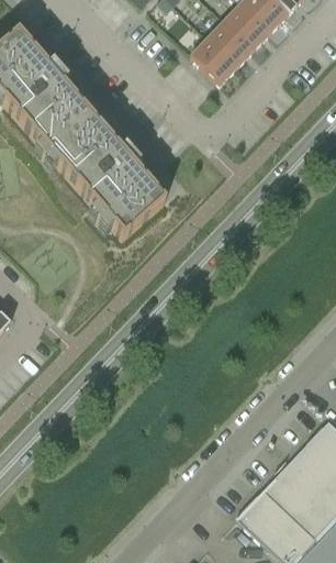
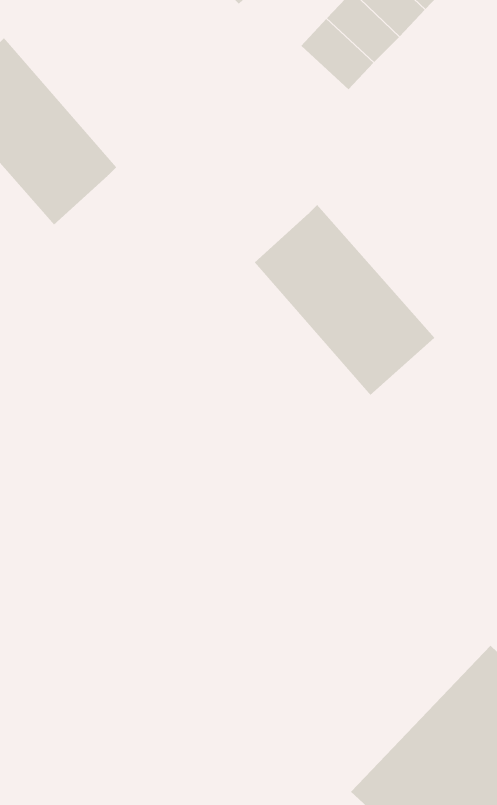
building: [191,37,238,84] -> none
building: [49,115,166,239] -> [254,204,435,396]

